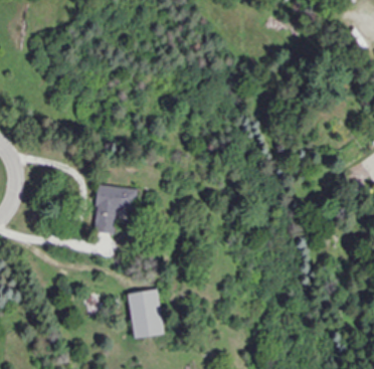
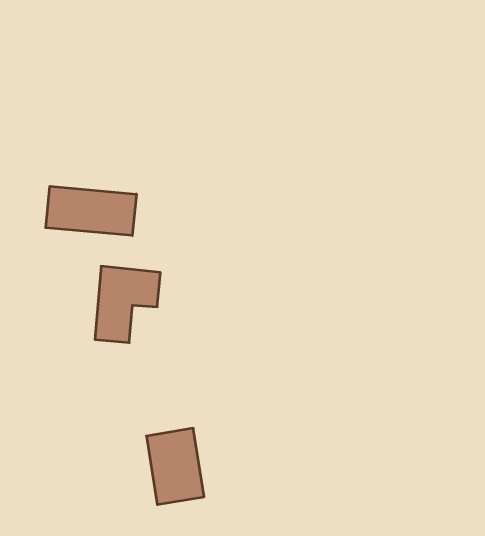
building: none -> [46,186,136,236]

